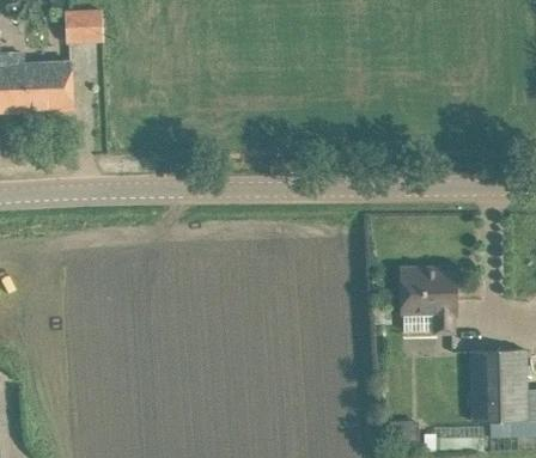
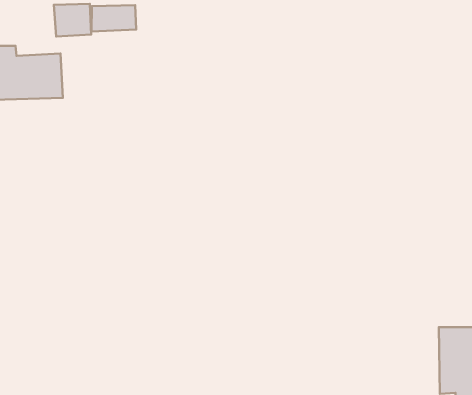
building: none -> [91,5,136,31]
building: [401,267,456,334] -> none

